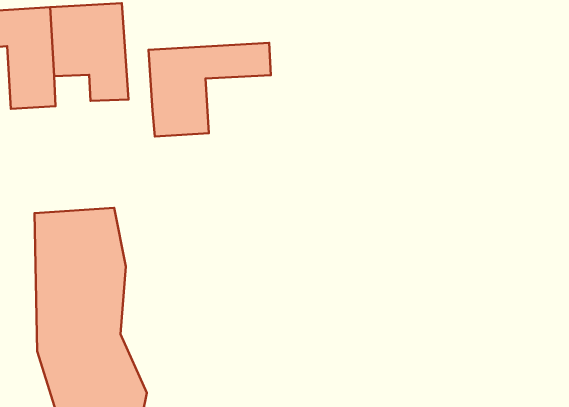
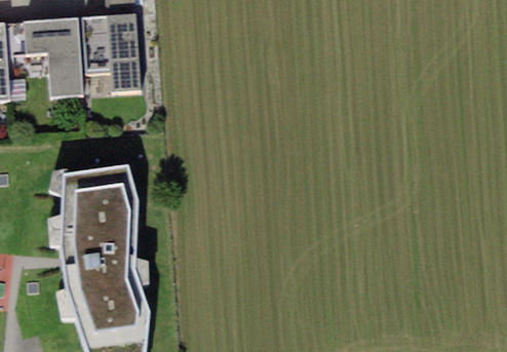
building: [148,43,271,137] -> none

